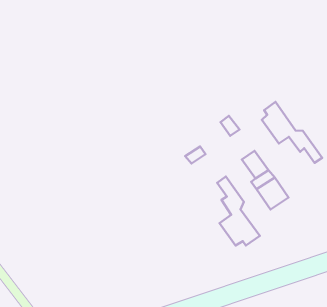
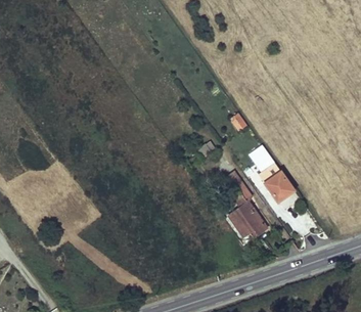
building: [262,102,322,163] -> none

